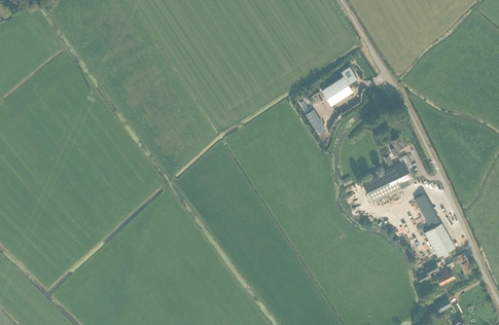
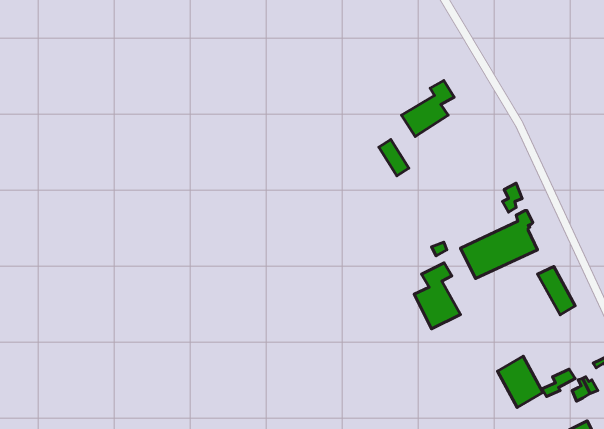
building: none -> [414,263,460,329]
building: [423,221,454,256] -> [497,356,543,408]

